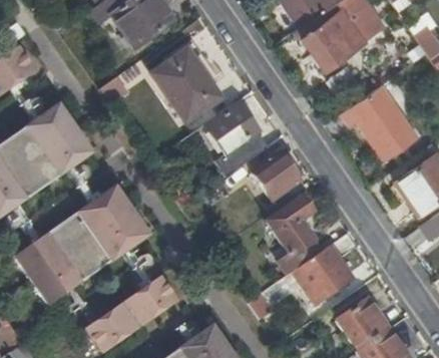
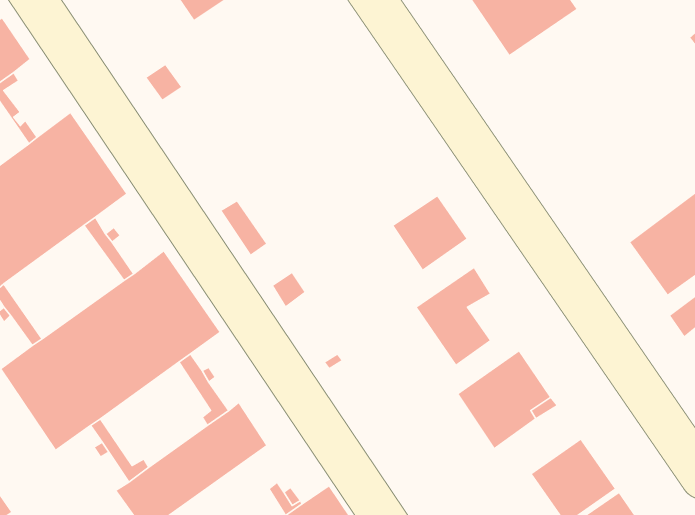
building: [150,49,220,122] -> none
building: [341,83,419,159] -> none
building: [205,103,258,168] -> none

